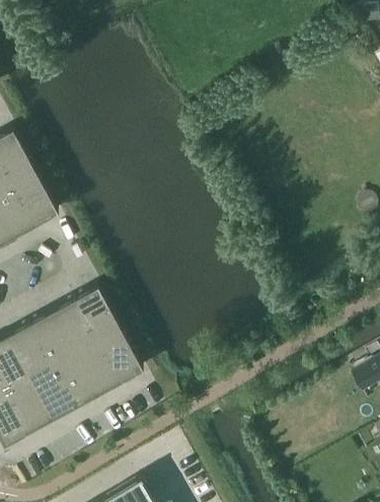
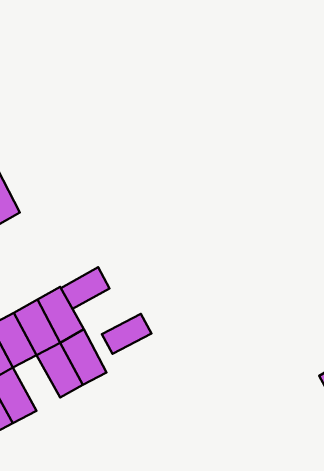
building: none -> [61,267,109,309]
building: none -> [102,314,151,354]
building: [50,354,96,409] -> none

